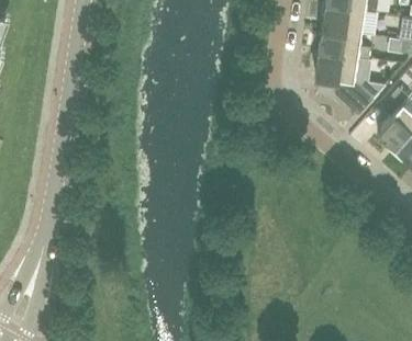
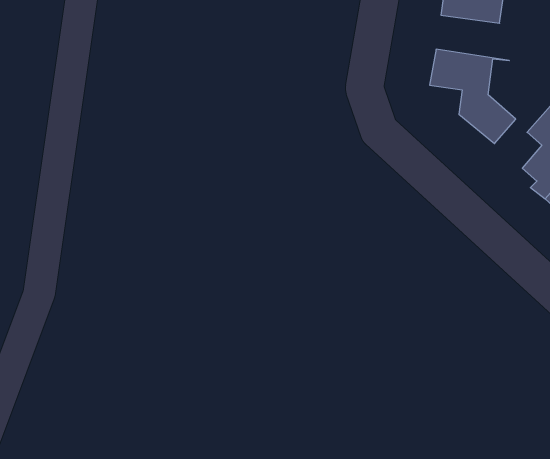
building: [319,30,369,60] -> none

